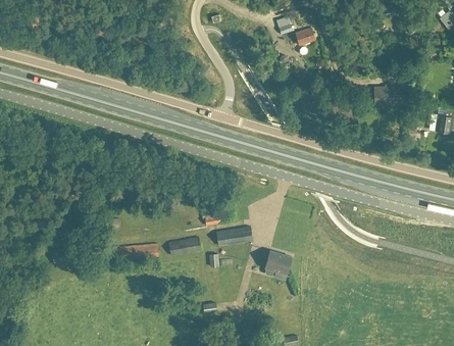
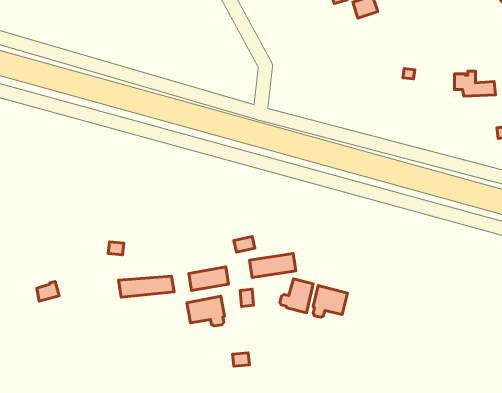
building: none -> [280,279,313,313]
building: none -> [187,296,225,326]

